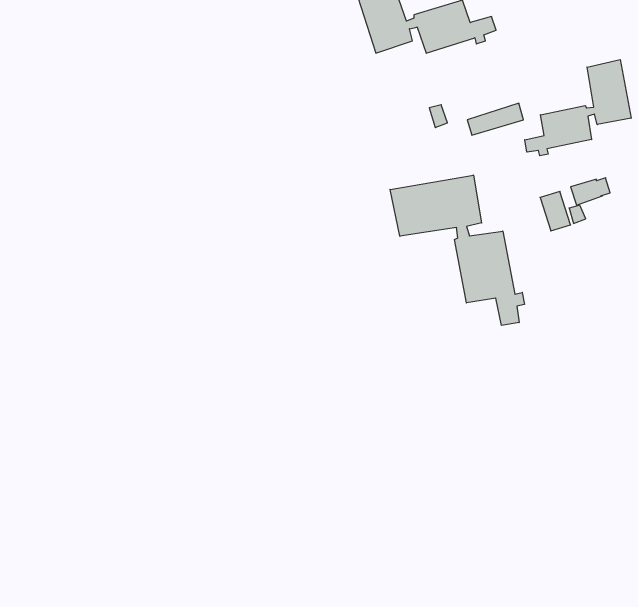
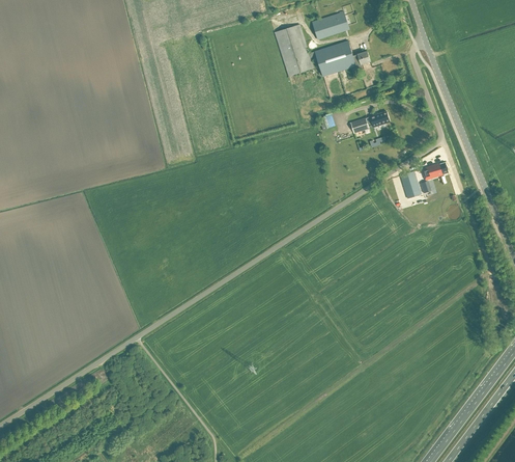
building: [525,60,631,156] -> none
building: [390,175,524,325] -> none

